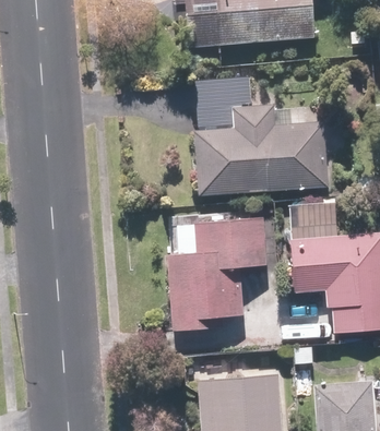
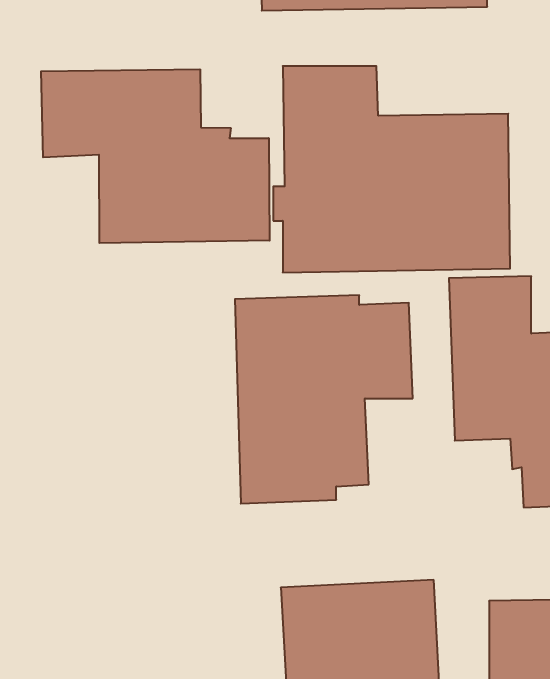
building: none -> [41,69,270,243]

